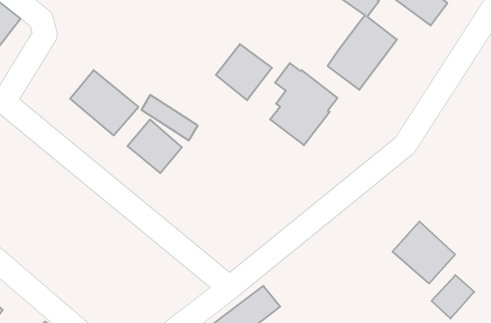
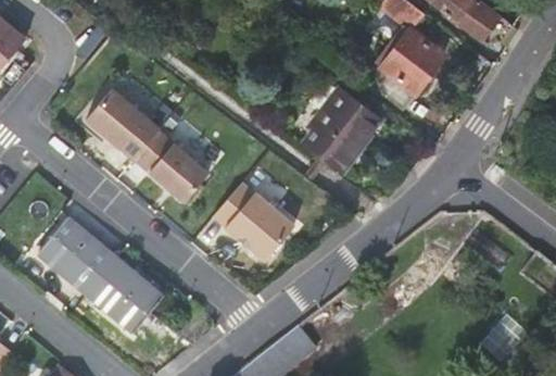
building: [216,44,272,100] -> none
building: none -> [213,179,299,262]
building: none -> [37,217,164,334]
building: [393,221,455,283] -> none

